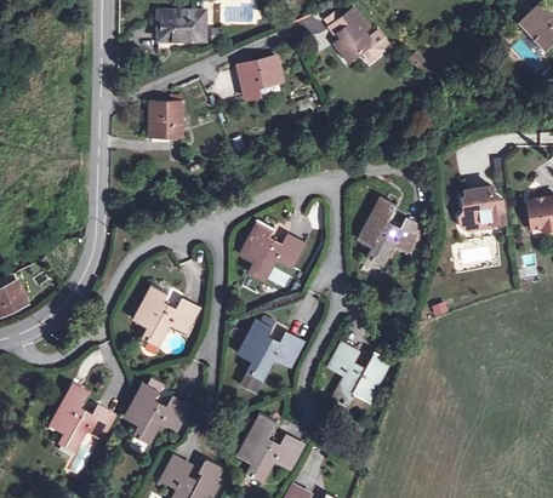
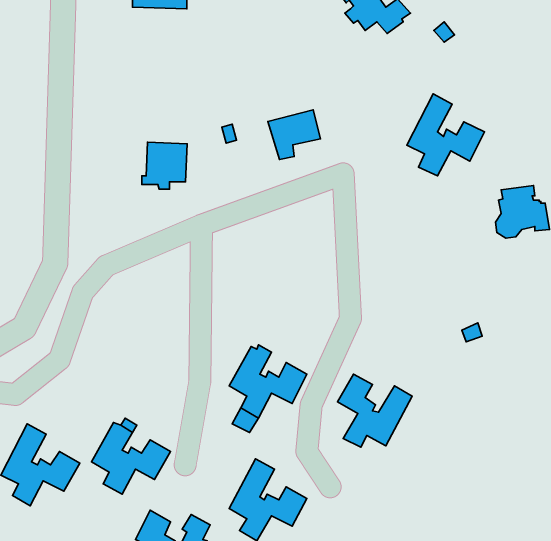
building: [236,57,280,98] -> [268,110,321,159]
building: [144,102,182,141] -> [142,142,187,189]
building: [358,198,422,265] -> [407,94,484,176]
building: [239,221,304,280] -> none
building: [133,285,199,345] -> none

